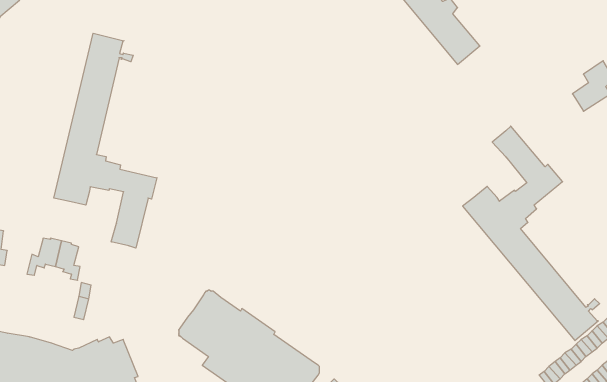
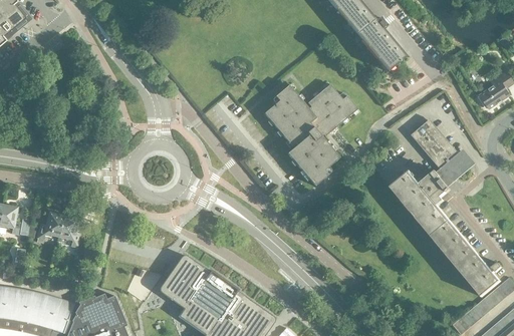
building: [54,33,157,248] -> none
building: none -> [264,83,357,186]

